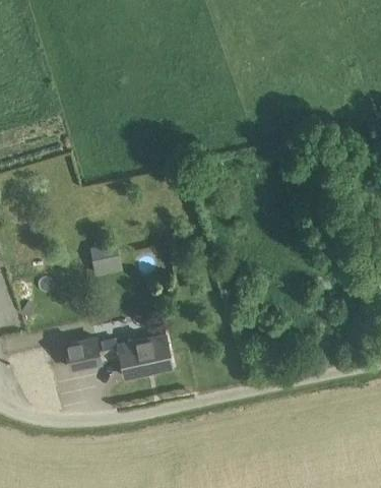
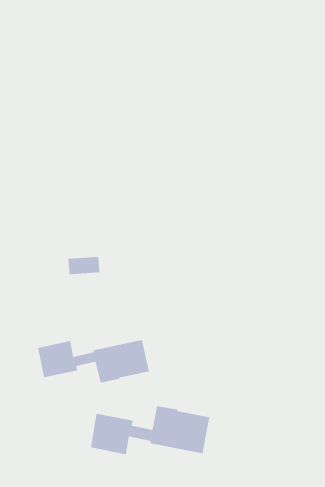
building: none -> [90,405,210,455]

